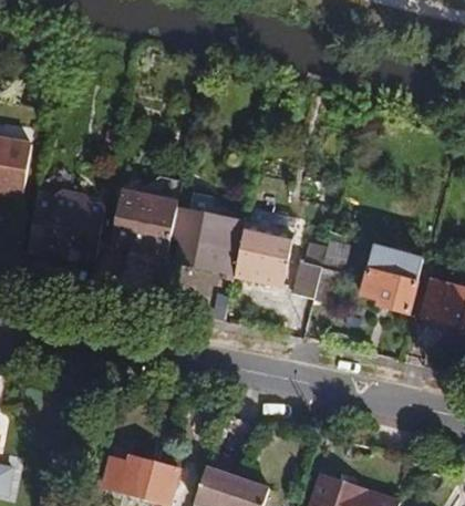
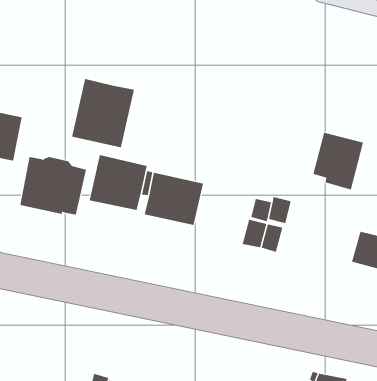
building: none -> [72,78,135,148]
building: [235,224,293,282] -> none
building: [361,245,422,313] -> [312,132,364,190]

